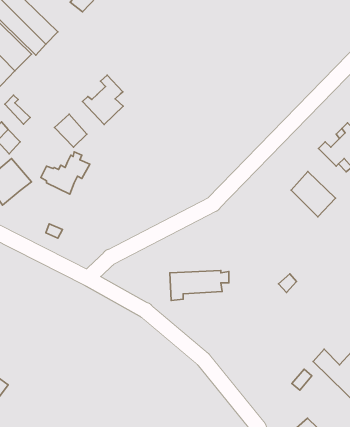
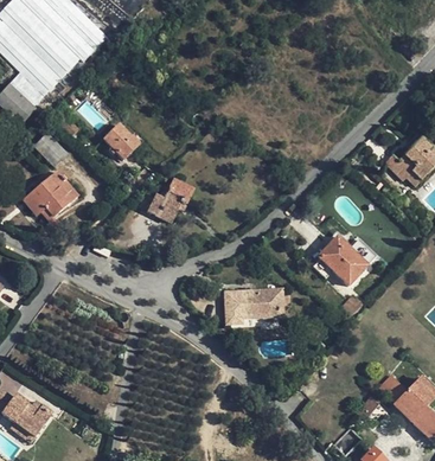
building: [82,75,123,124] -> none
building: [41,152,90,194] -> [141,178,193,223]
building: [291,171,336,217] -> [319,236,366,284]

